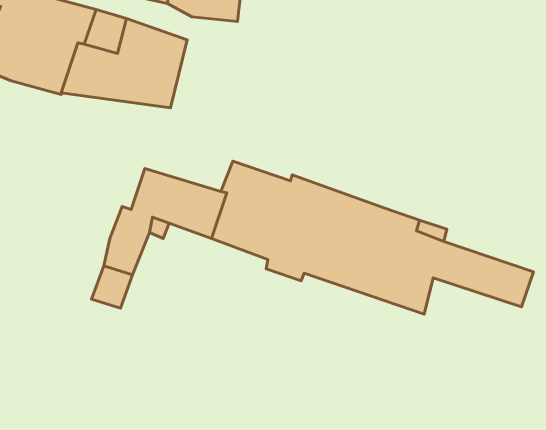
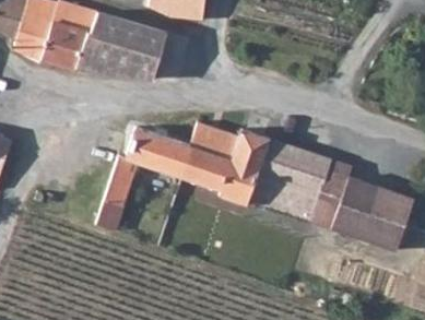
building: none -> [335,203,405,252]

